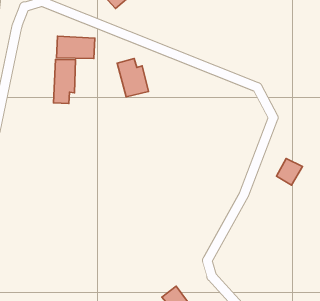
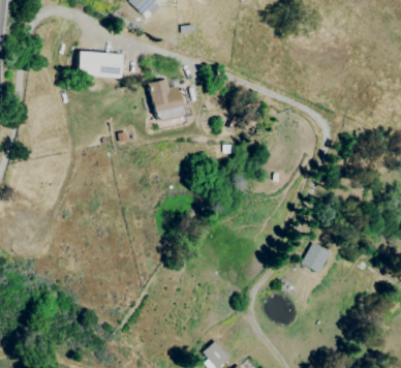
building: [54,60,75,104] -> none
building: [277,158,302,185] -> [302,242,332,273]

